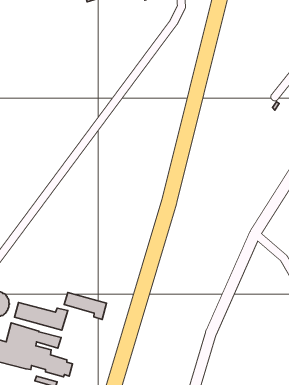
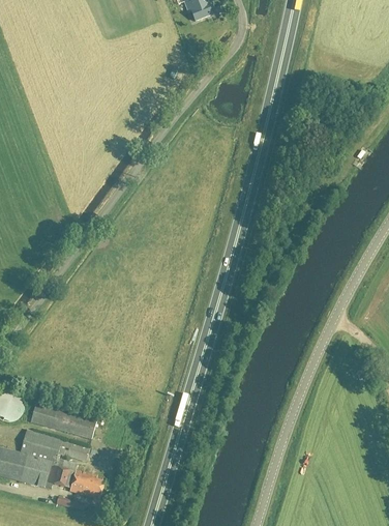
building: [64,292,106,320] -> none

